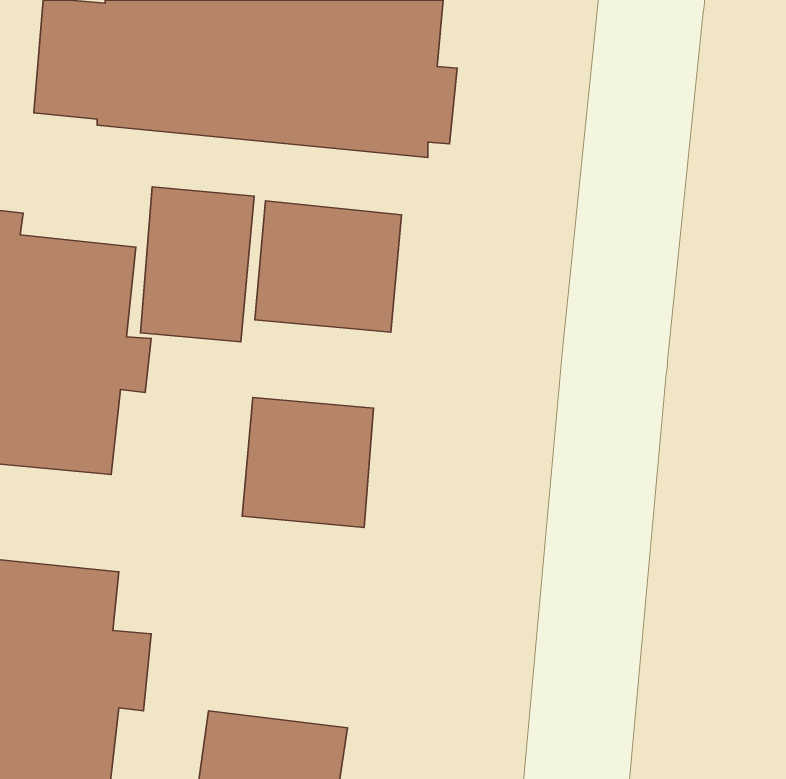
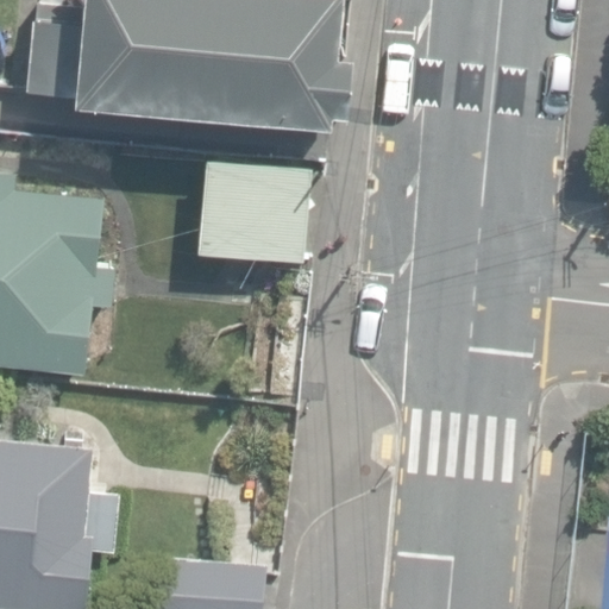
building: [140,187,254,342] -> none
building: [242,397,373,527] -> none

